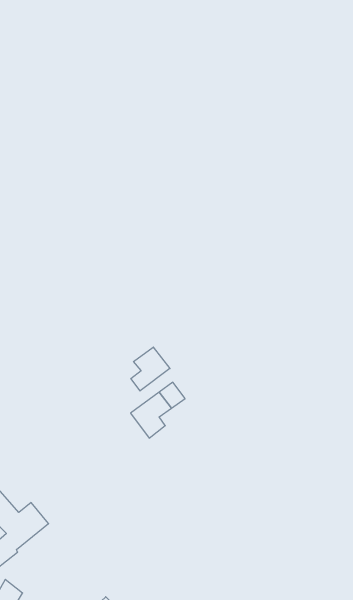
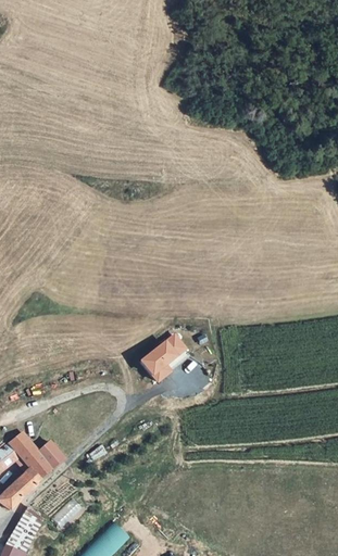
building: [131,347,170,391] -> none

